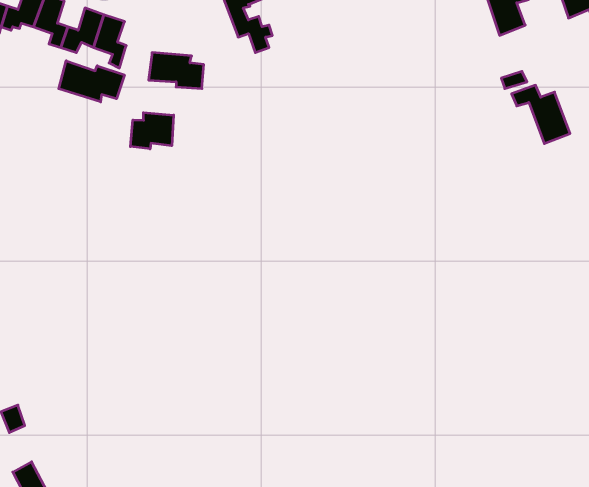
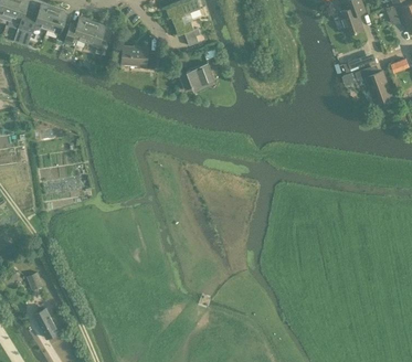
building: [59,61,124,102] -> none
building: none -> [178,63,213,90]
building: [130,113,174,149] -> none

